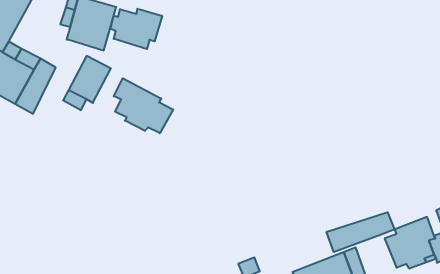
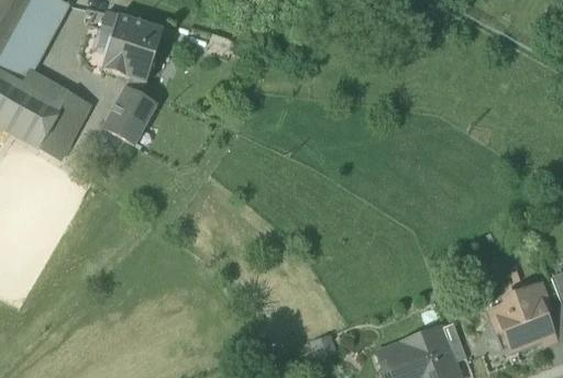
building: [110,9,162,49] -> none
building: [114,78,173,133] -> none
building: [327,212,395,252] -> none

